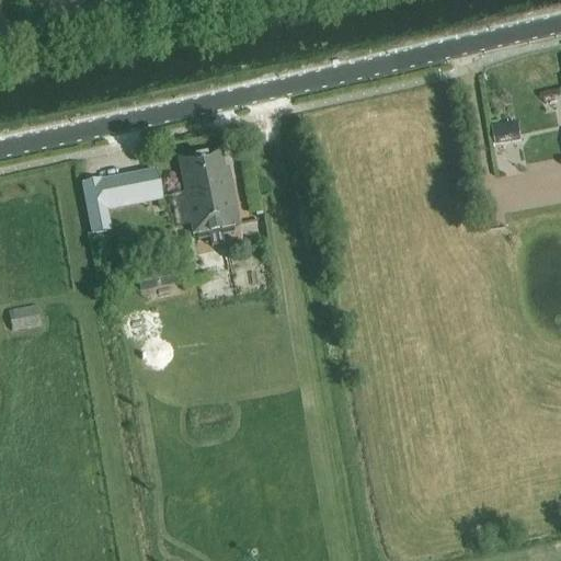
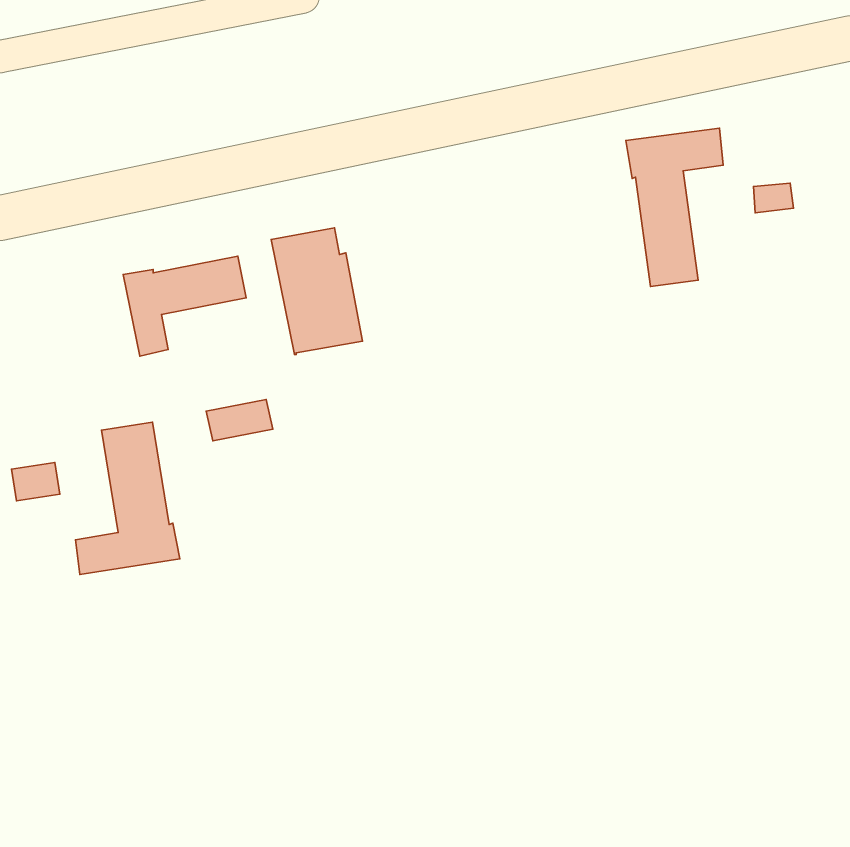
building: none -> [626,128,723,287]
building: none -> [75,422,180,574]

